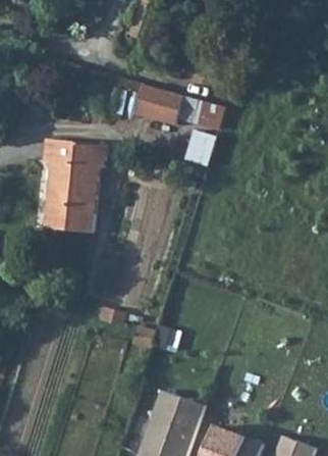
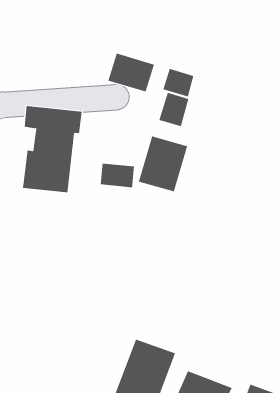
building: none -> [138,136,188,192]
building: none -> [100,163,135,188]

